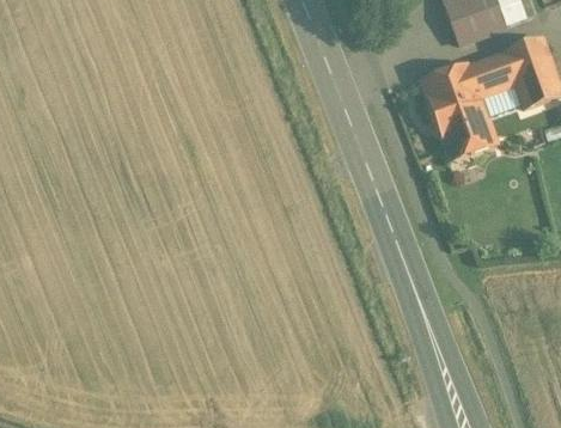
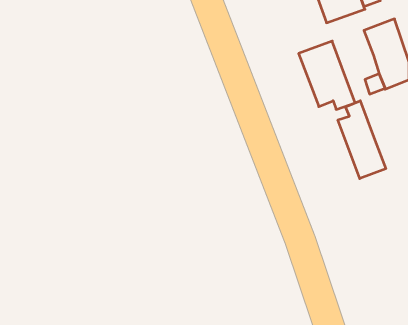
building: [465,51,517,97] -> none
building: none -> [338,101,386,179]

